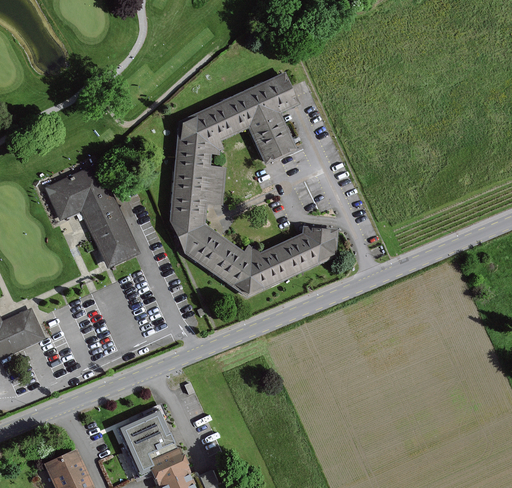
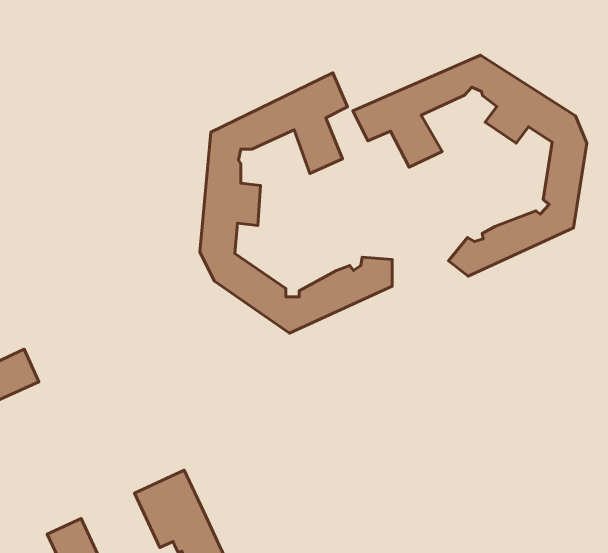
building: none -> [353,55,587,276]
building: [42,160,137,266] -> none

